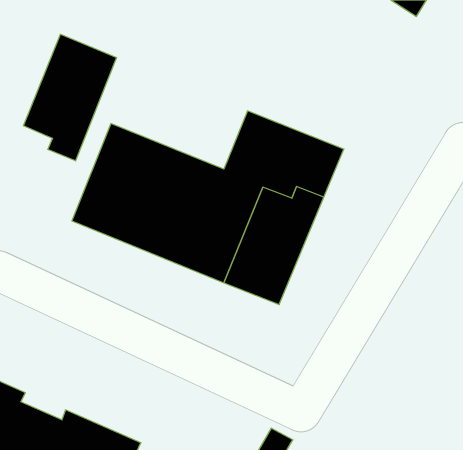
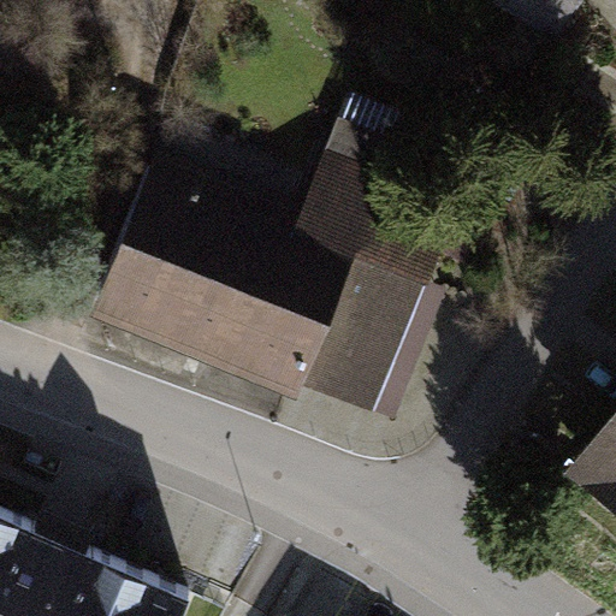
building: [24,34,117,161] -> none

